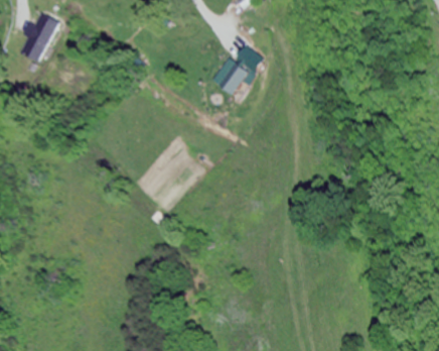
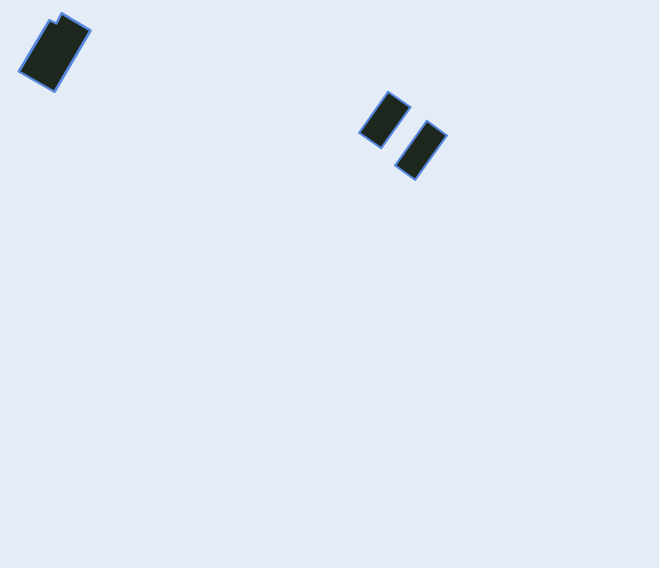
building: none -> [395,121,447,180]

